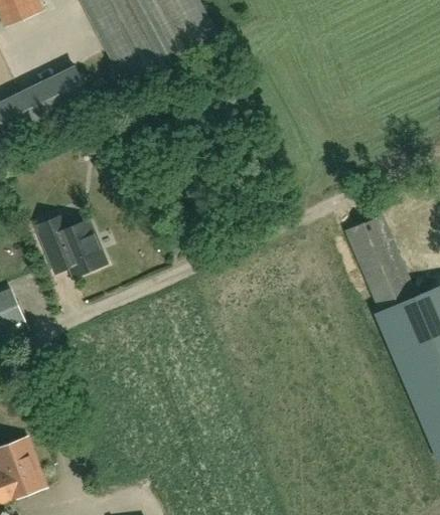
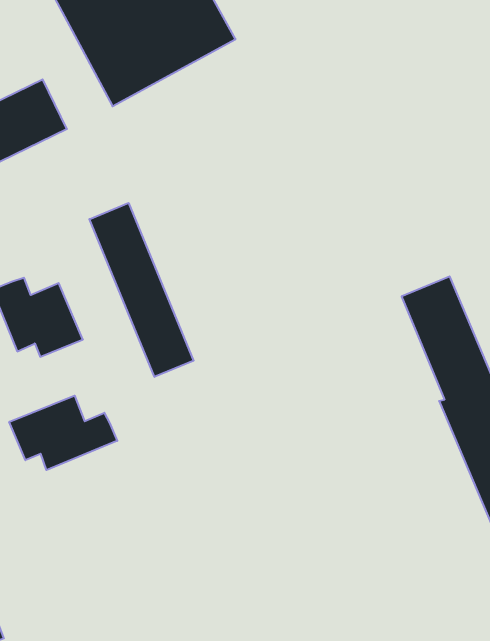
building: none -> [89,203,194,377]
building: none -> [9,396,117,470]

